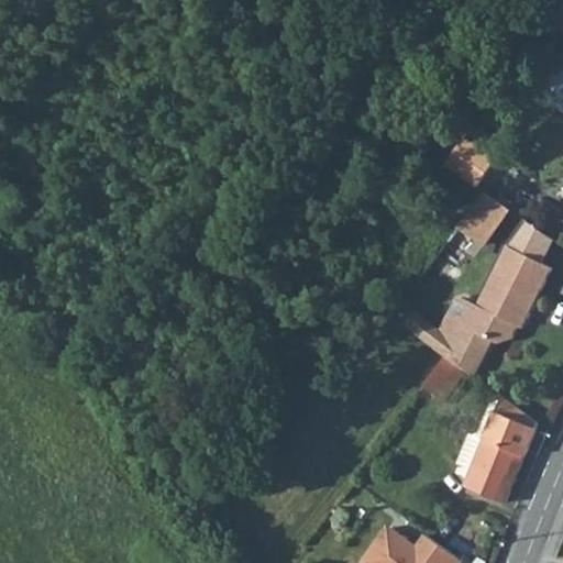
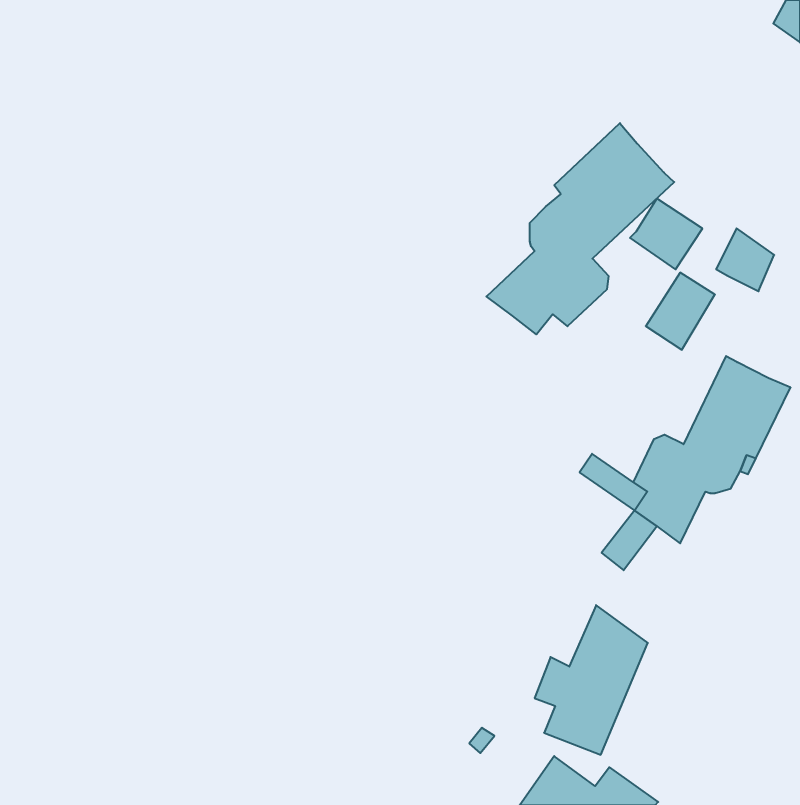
building: none -> [486,123,674,334]
building: [507,220,548,264] -> [716,228,774,291]
building: [456,396,536,500] -> [535,605,648,755]

